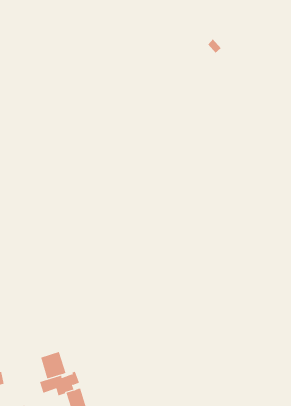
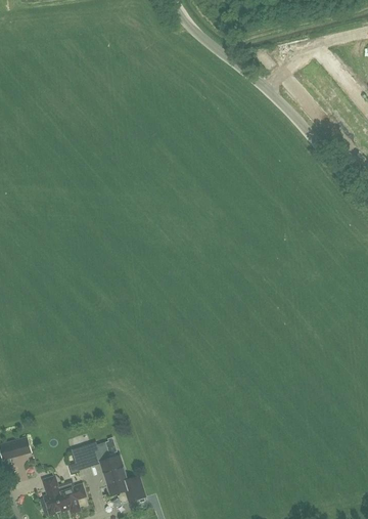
building: [41,351,66,379] -> none

